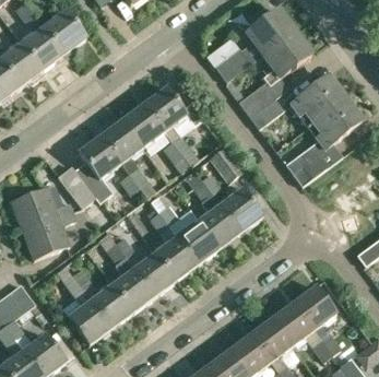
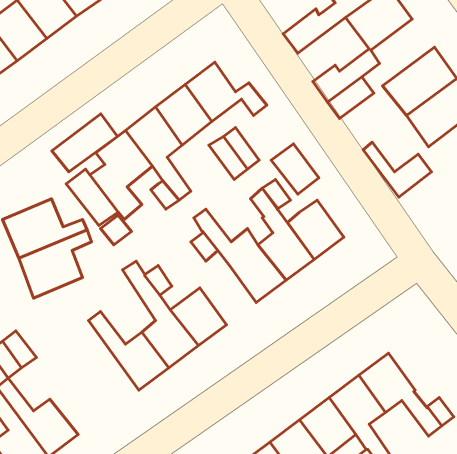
building: none -> [52,114,118,172]
building: [155,236,197,280] -> none
building: [63,276,110,344] -> none
building: [294,285,335,328] -> none

